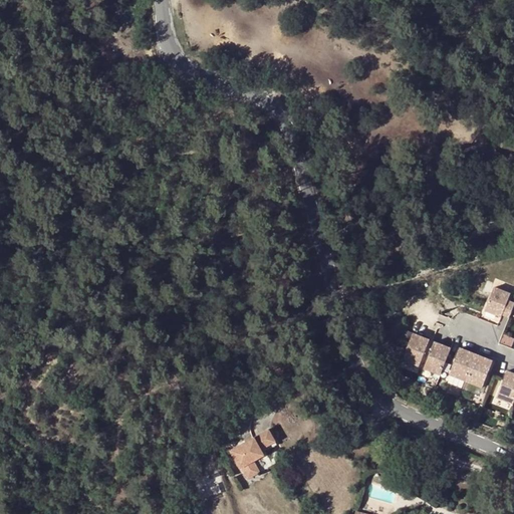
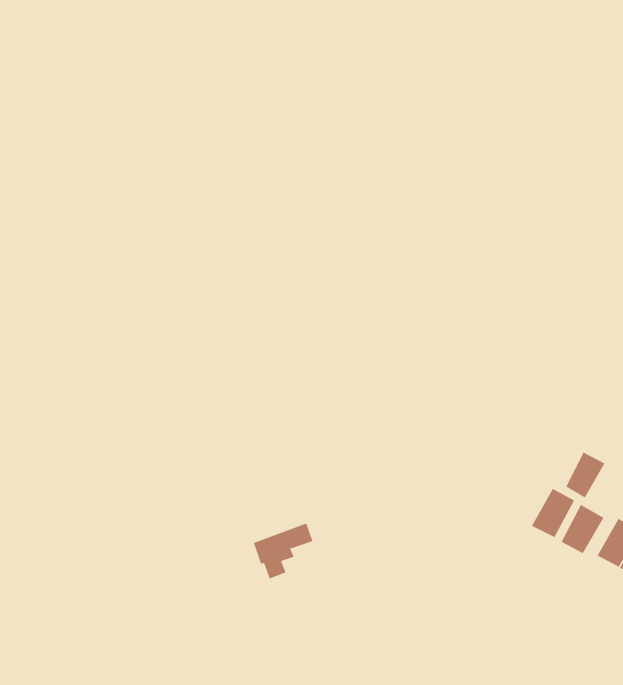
building: none -> [565,451,605,498]
building: [227,433,267,474] -> [253,522,313,580]

